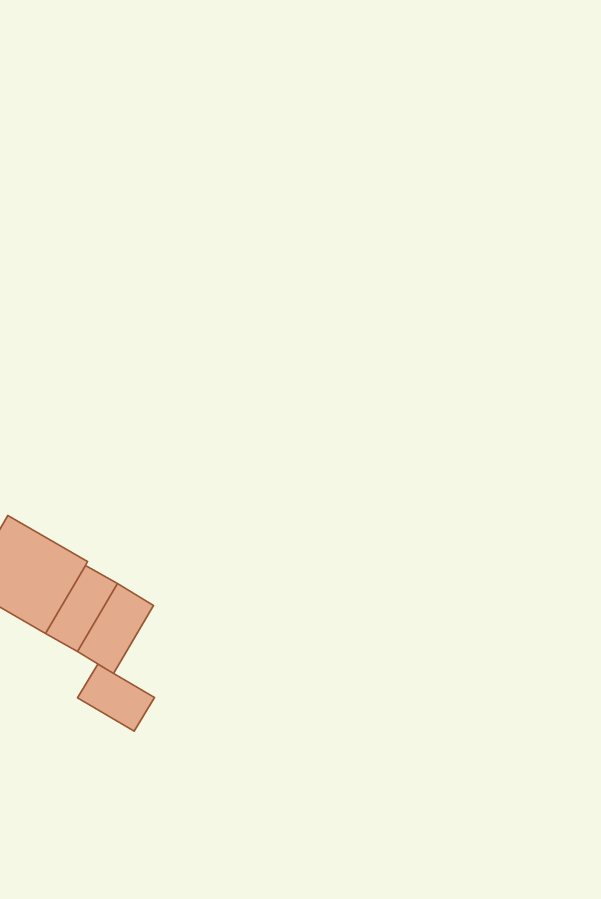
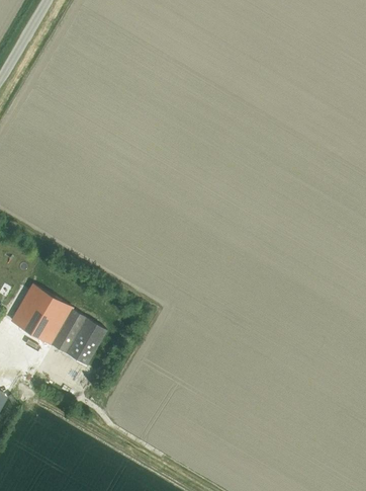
building: [77,664,155,731] -> none

